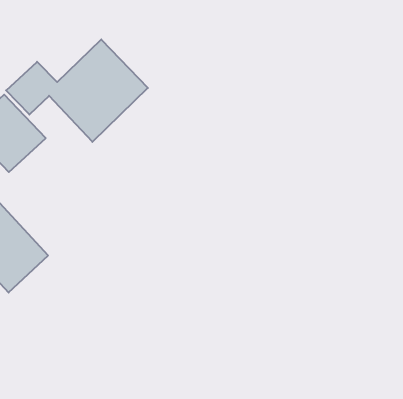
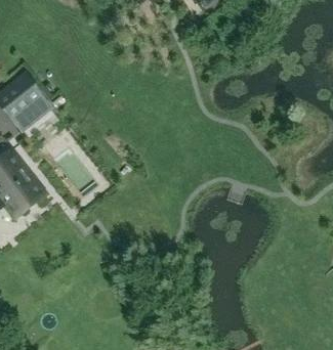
building: [6,39,148,142] -> none

